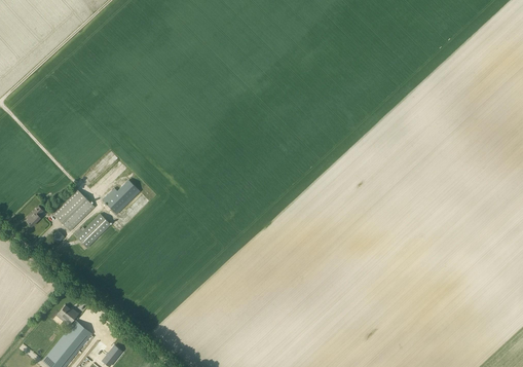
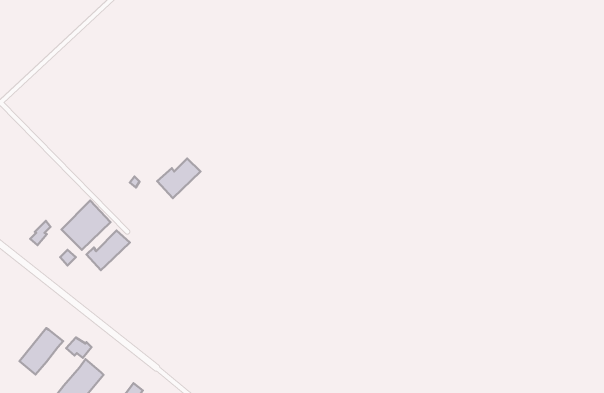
building: [104,180,141,214] -> [157,158,201,198]
building: none -> [20,328,63,374]

